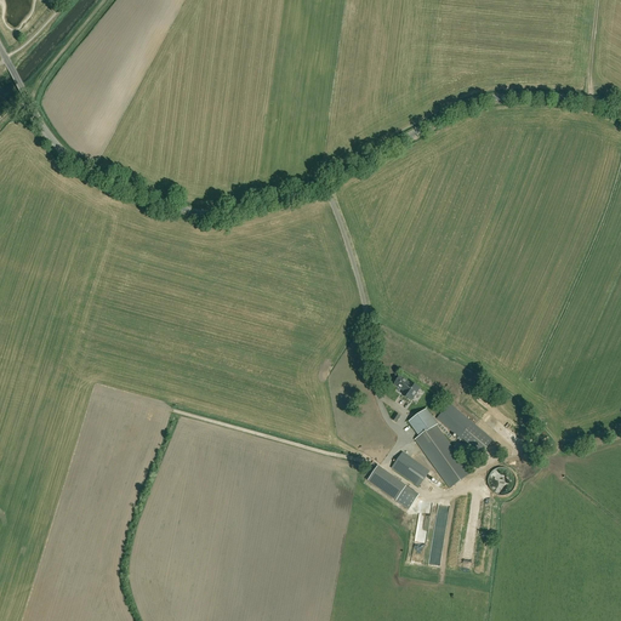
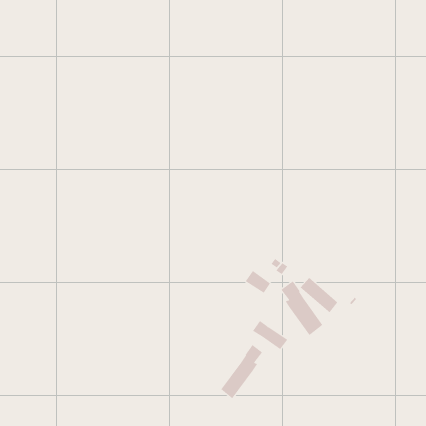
building: [391,451,428,485] -> [245,270,271,294]
building: none -> [220,344,263,399]

